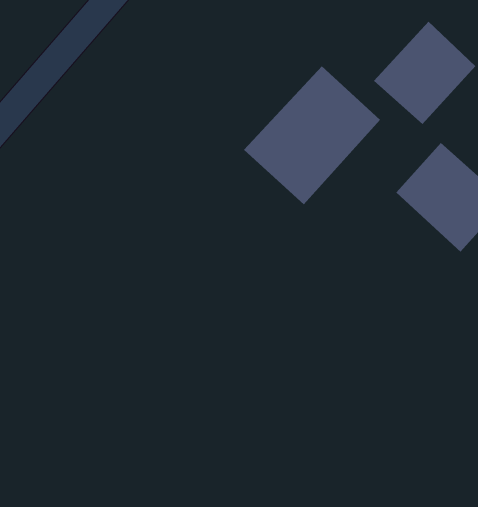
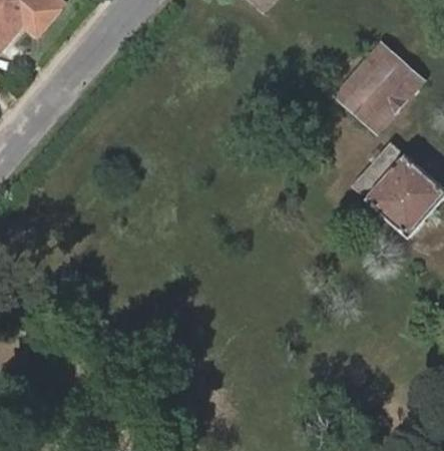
building: [243,66,381,205] -> none

